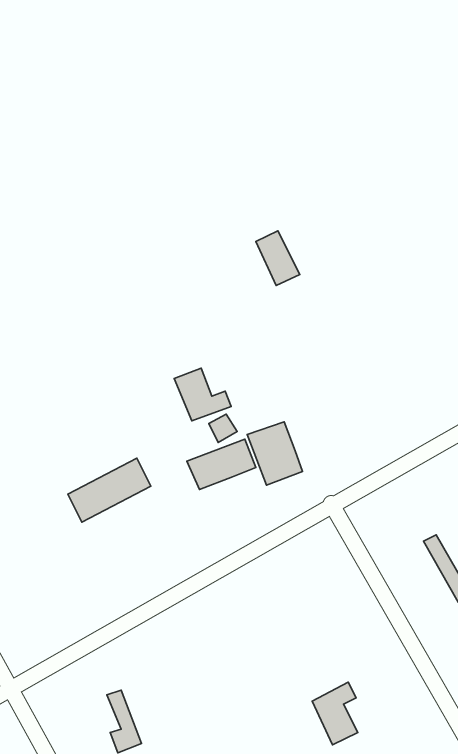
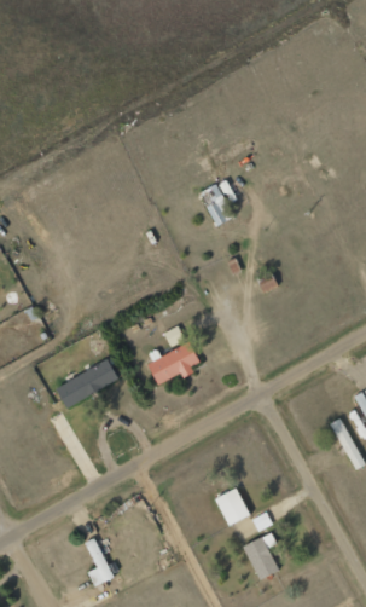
building: [174,368,231,421] -> none
building: [247,422,303,485] -> none
building: none -> [215,487,250,526]

